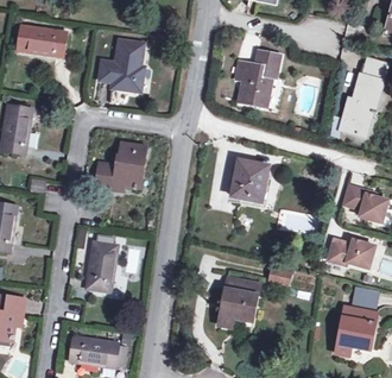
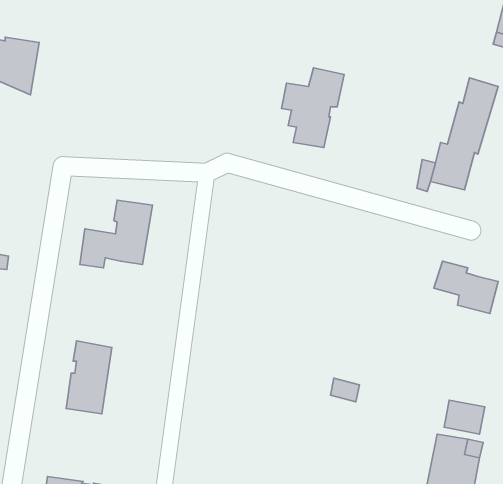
building: [99,39,143,90] -> none
building: [232,159,268,201] -> none
building: [328,239,374,269] -> none
building: [219,278,259,326] -> none

